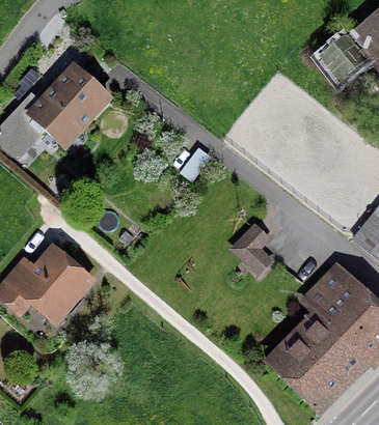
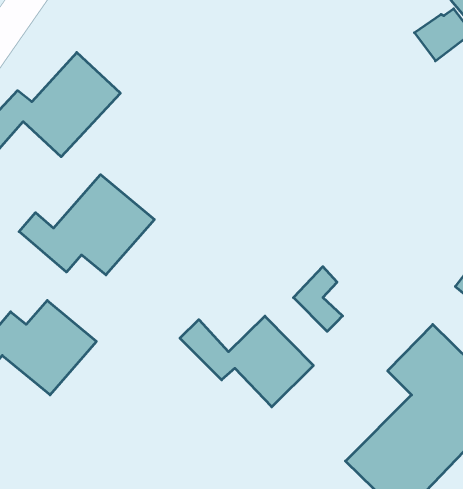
building: none -> [19,175,154,275]
building: none -> [180,316,313,407]

